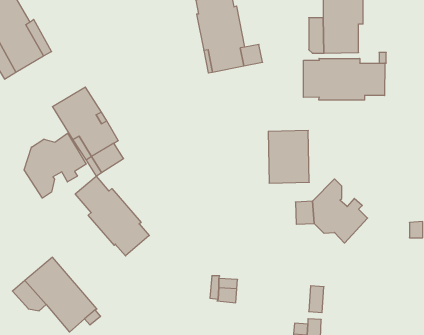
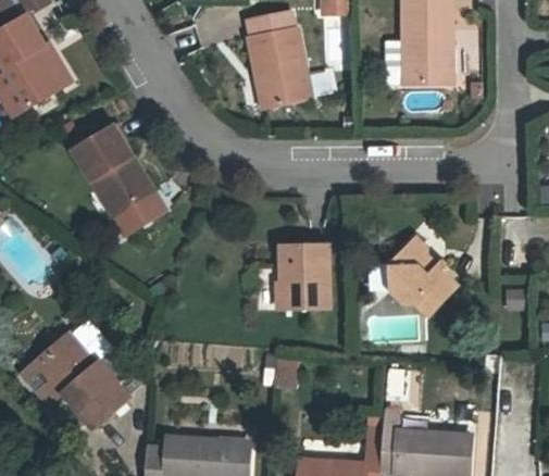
building: [303,58,385,100] -> none
building: [268,131,309,183] -> [279,243,329,308]
building: [24,133,86,198] -> none
building: [75,176,149,256] -> none

